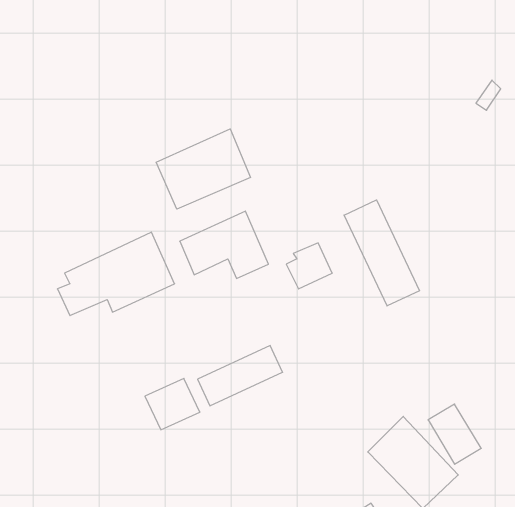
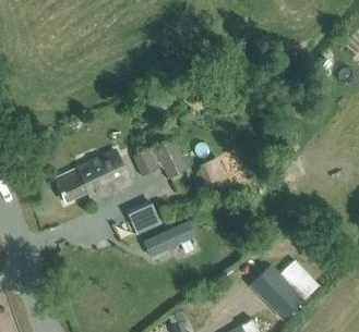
building: [156,129,250,209] -> none
building: [344,200,420,306] -> none
building: [145,378,200,430] -> [129,201,163,233]

